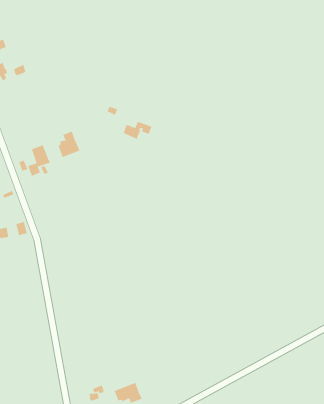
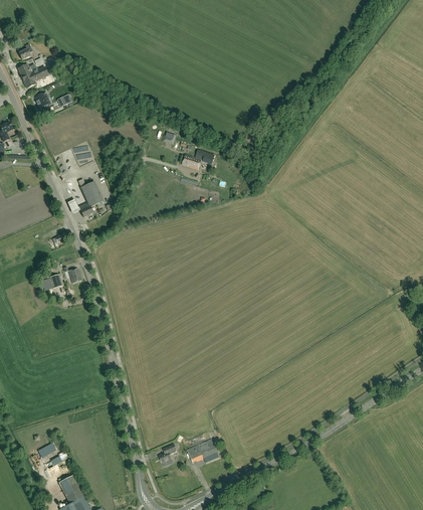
building: [58,131,80,158] -> none

